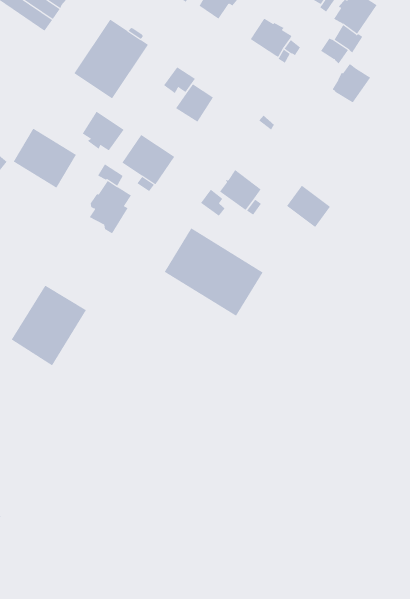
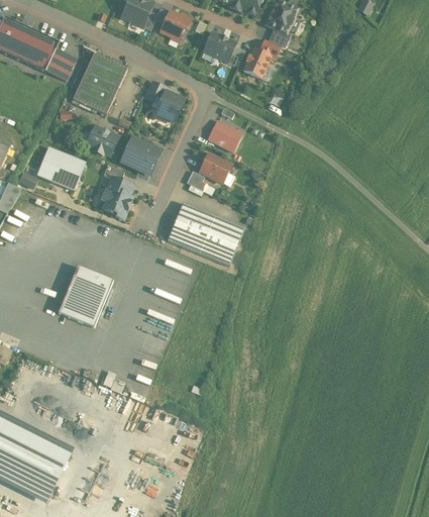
building: none -> [44,48,75,81]
building: [332,63,371,103] -> [242,47,271,78]
building: [286,185,331,228] -> [207,120,241,151]

